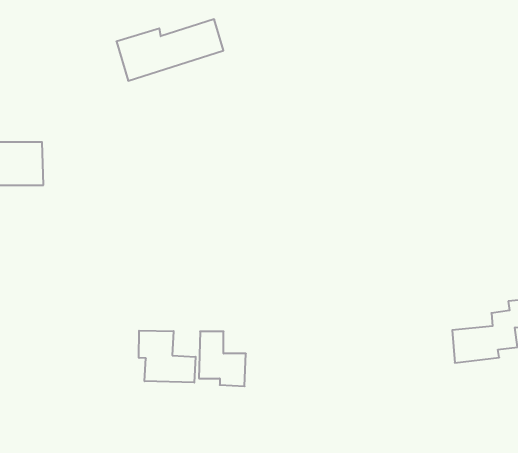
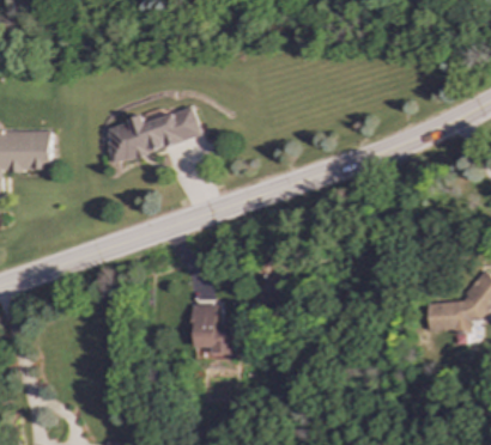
building: [116,19,223,81] -> [103,106,201,163]
building: [139,331,196,383] -> none

